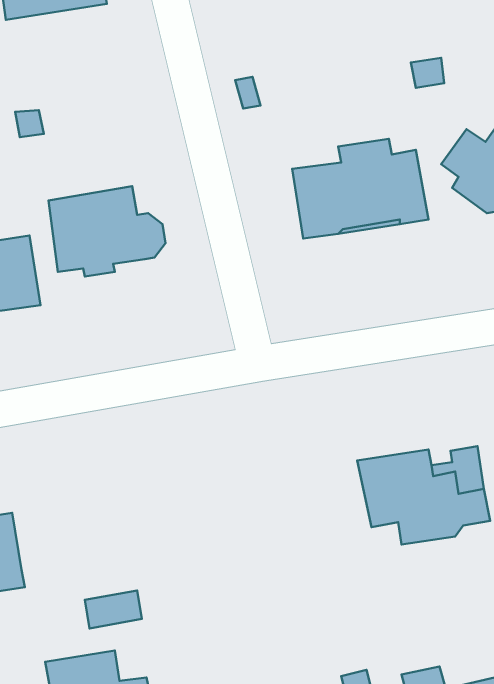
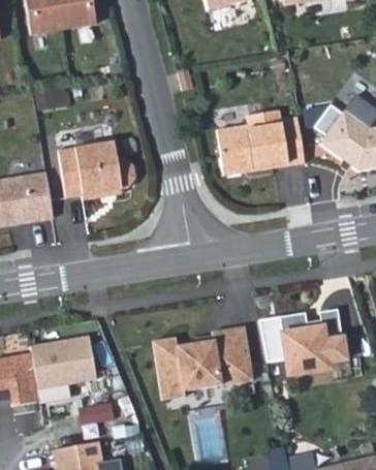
building: none -> [152,326,252,400]
building: none -> [32,337,99,390]

